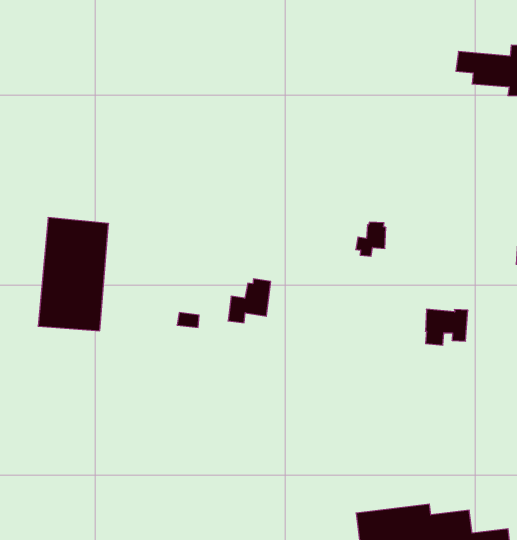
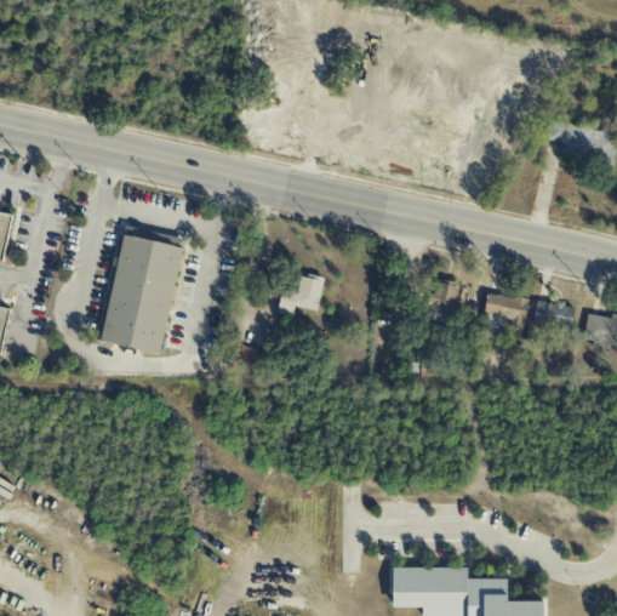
building: none -> [531,300,573,331]
building: [228,279,271,323] -> [276,273,324,315]
building: [425,309,468,345] -> [481,292,527,330]

